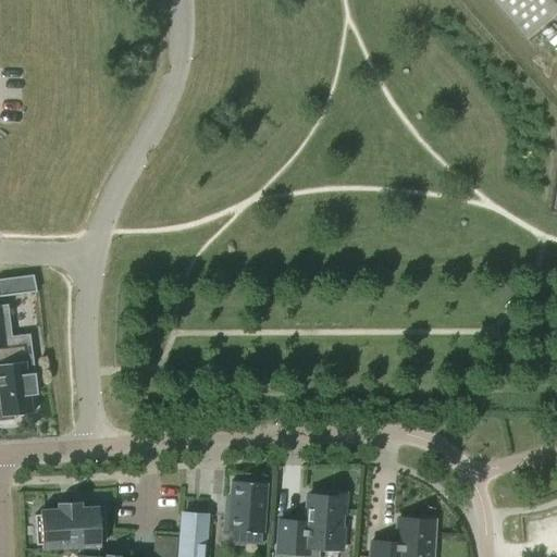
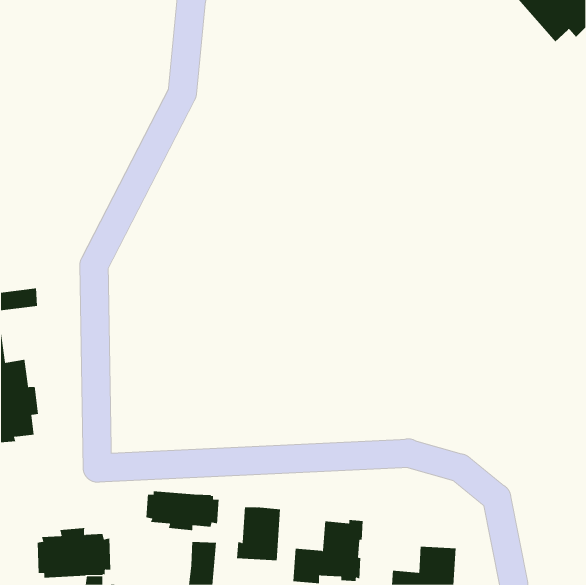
building: none -> [146,490,219,531]

